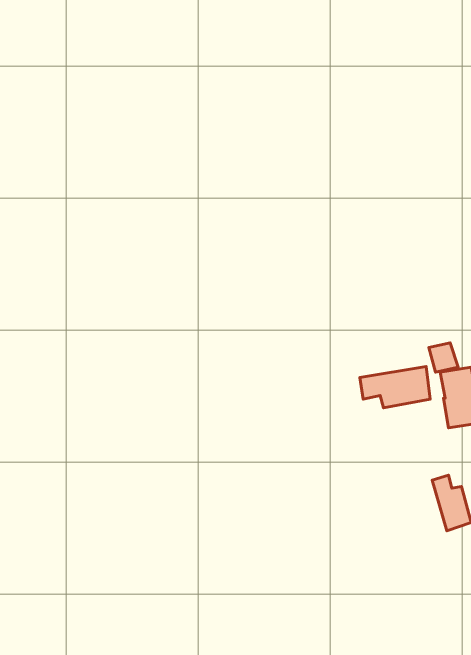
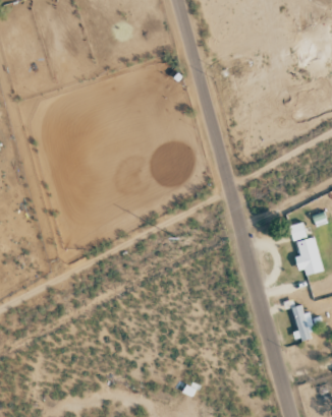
building: [360,367,430,408] -> none

